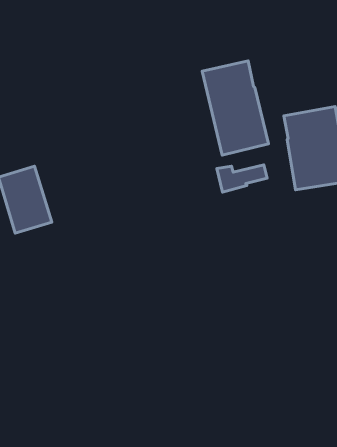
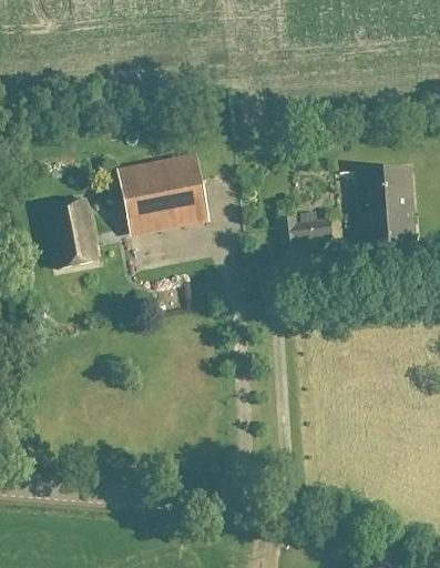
building: [202,61,269,155] -> none
building: none -> [119,155,208,227]

